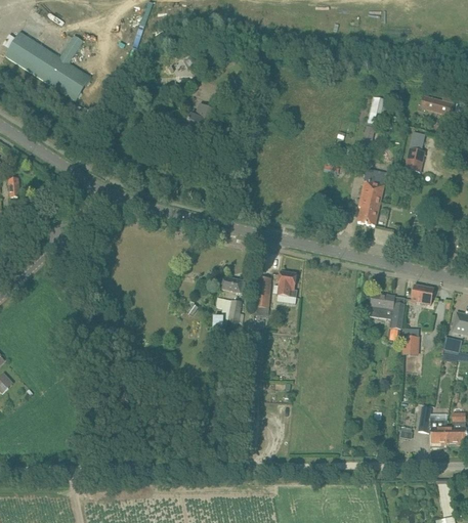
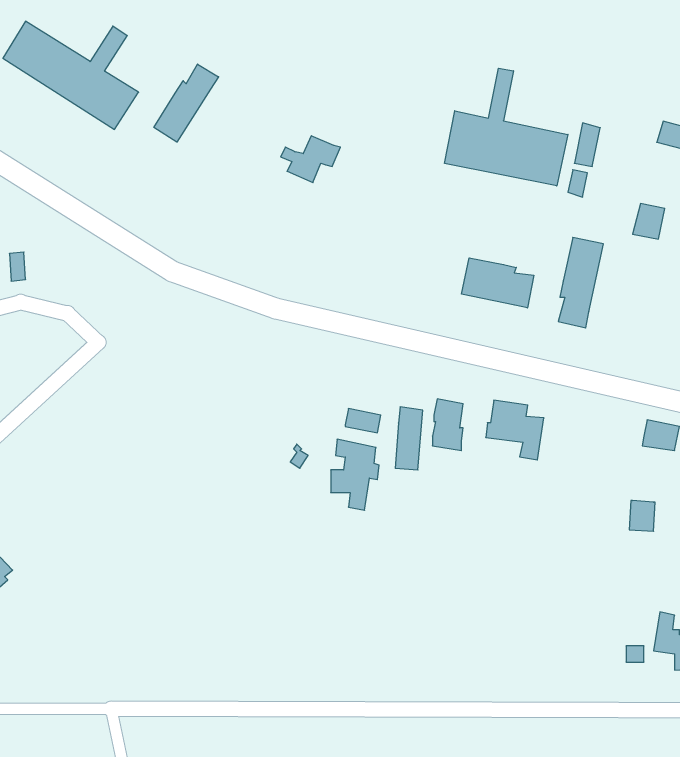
building: none -> [154,64,219,142]
building: none -> [445,68,568,186]
building: none -> [462,258,534,308]
building: [368,291,405,329] -> [486,400,544,460]

